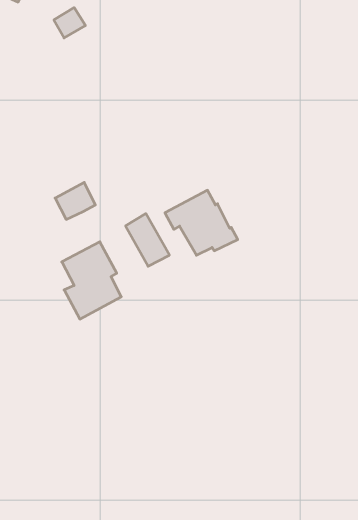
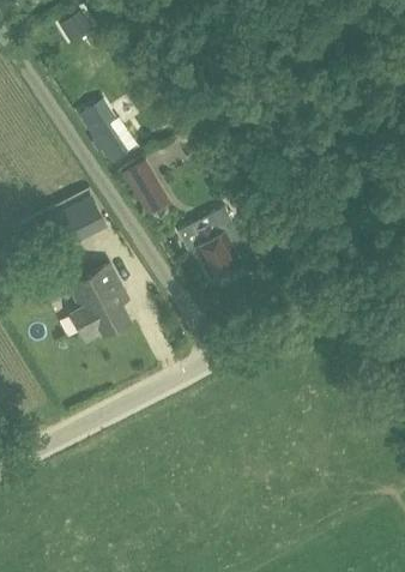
building: none -> [79,100,137,163]
building: [126,214,169,266] -> [123,158,170,215]

